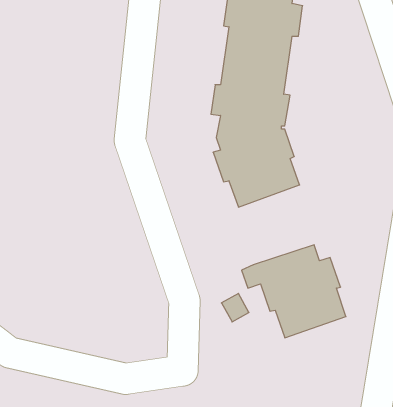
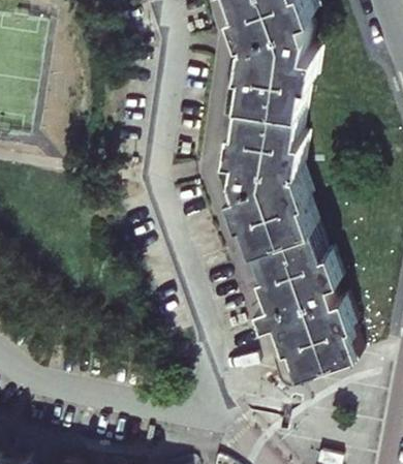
building: none -> [248,229,334,308]

